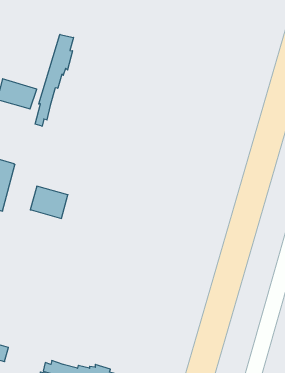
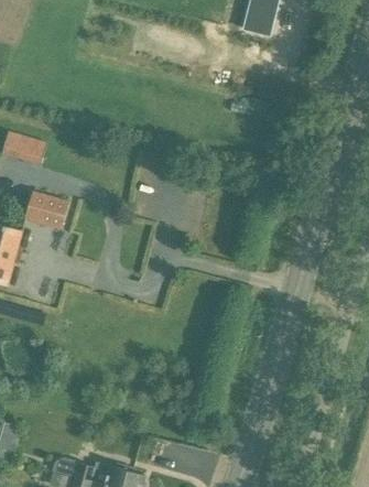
building: [35,34,73,126] -> none
building: [30,186,68,218] -> [24,192,68,229]

